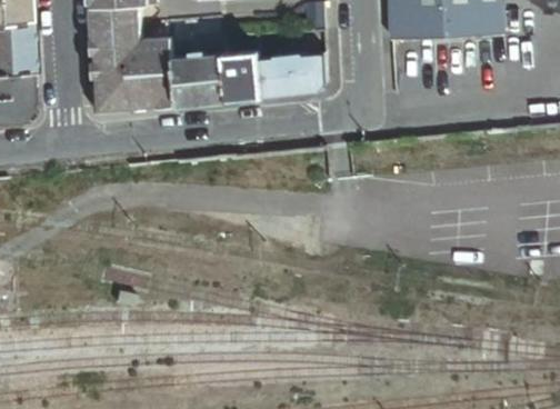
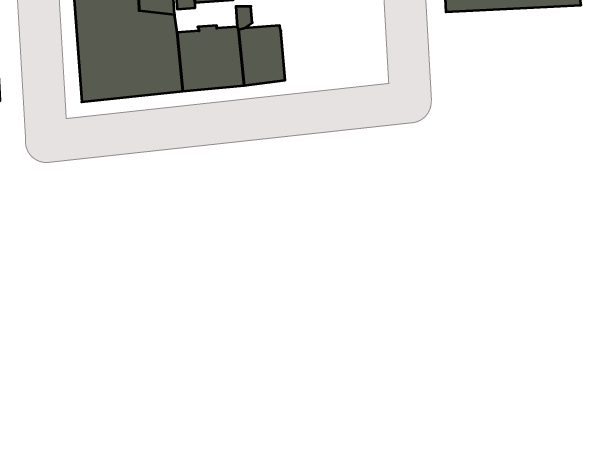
building: [257,50,324,96] -> none

